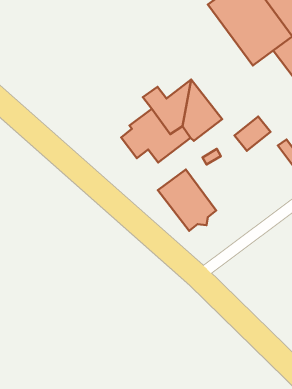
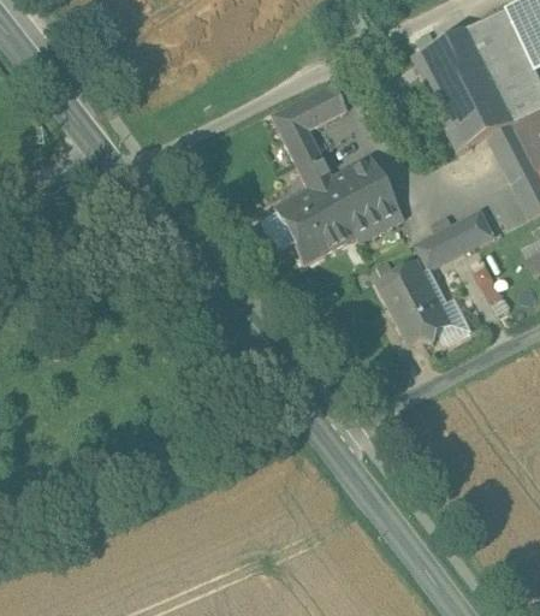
building: none -> [273,83,348,168]
building: none -> [456,208,497,247]
building: [158,170,216,231] -> [376,259,452,344]

